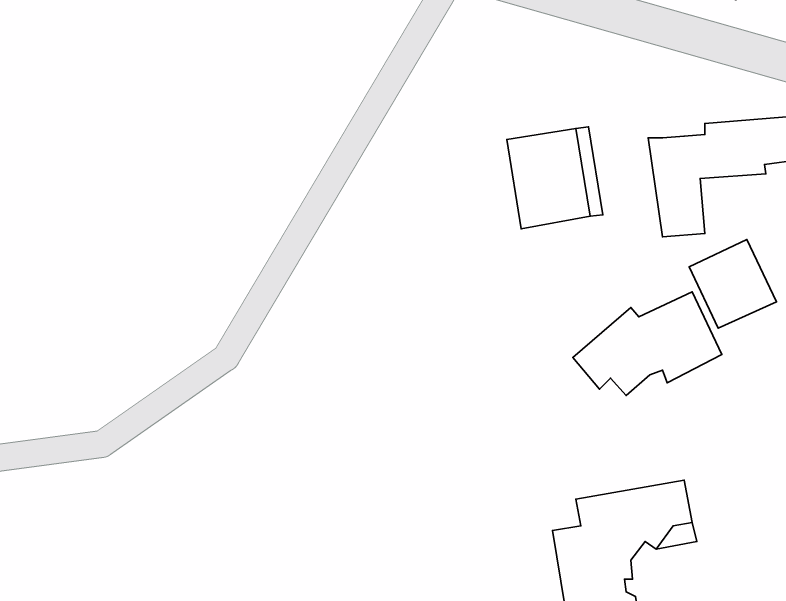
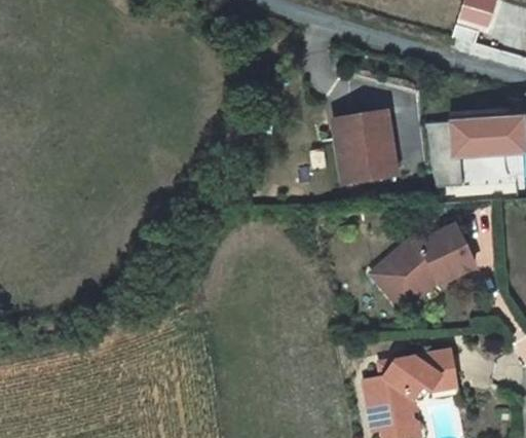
building: [689,239,776,328] -> none
building: none -> [372,267,439,309]

